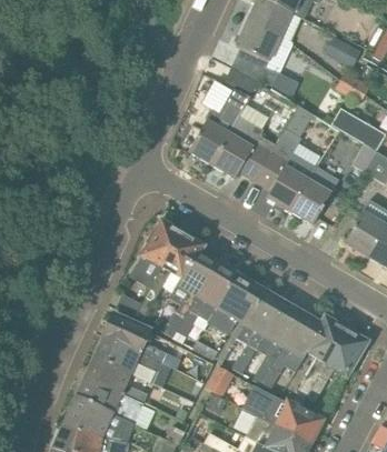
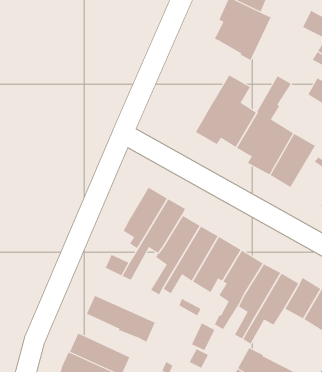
building: [188,66,259,164] -> none
building: [103,314,166,362] -> none
building: [87,356,147,402] -> none

